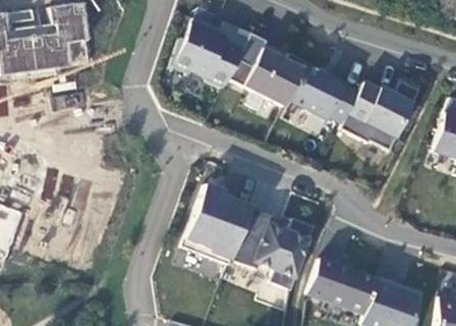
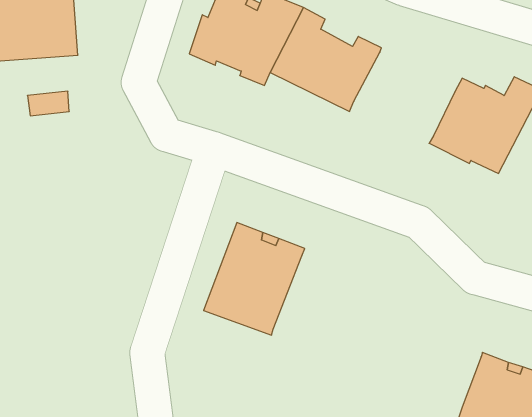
building: [287,63,358,122] -> none
building: [230,207,315,289] -> none
building: [306,258,377,314] -> none

